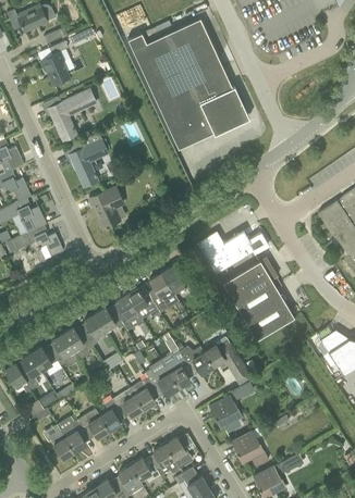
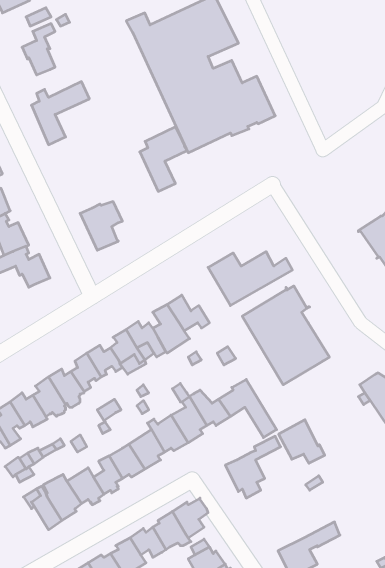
building: [69,135,108,188] -> [140,127,187,191]
building: [230,431,268,466] -> [279,420,325,463]

